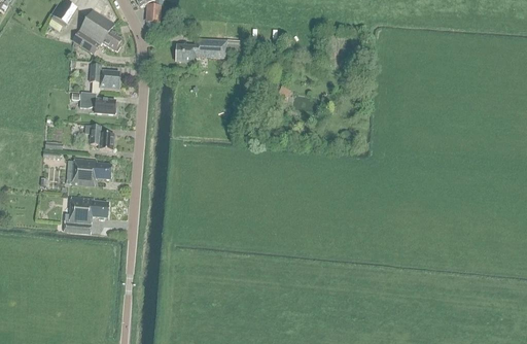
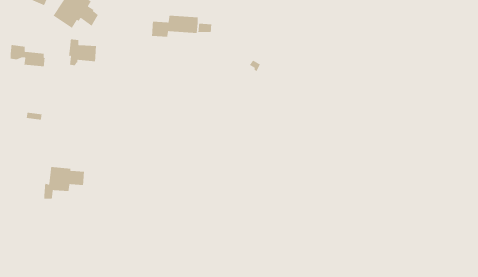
building: [80,91,117,114] -> [10,44,45,67]
building: [85,125,114,149] -> none
building: [71,157,111,184] -> none

